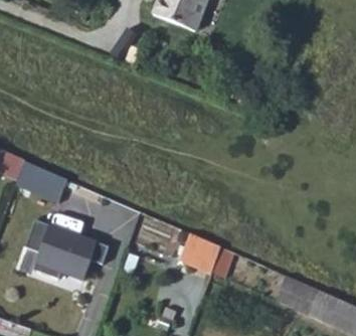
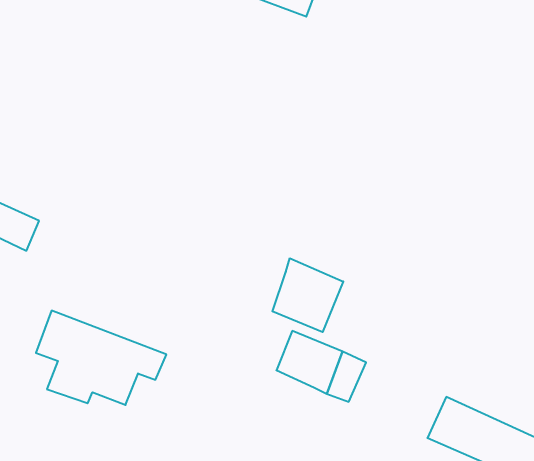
building: [17,162,67,203] -> none
building: none -> [272,258,343,332]

